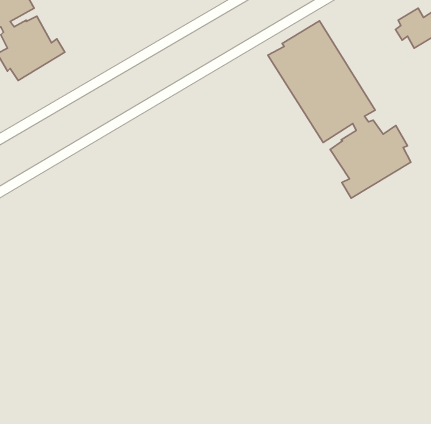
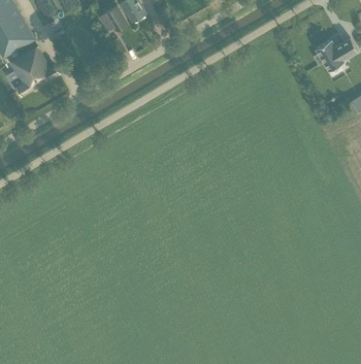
building: [268,21,411,198] -> none

